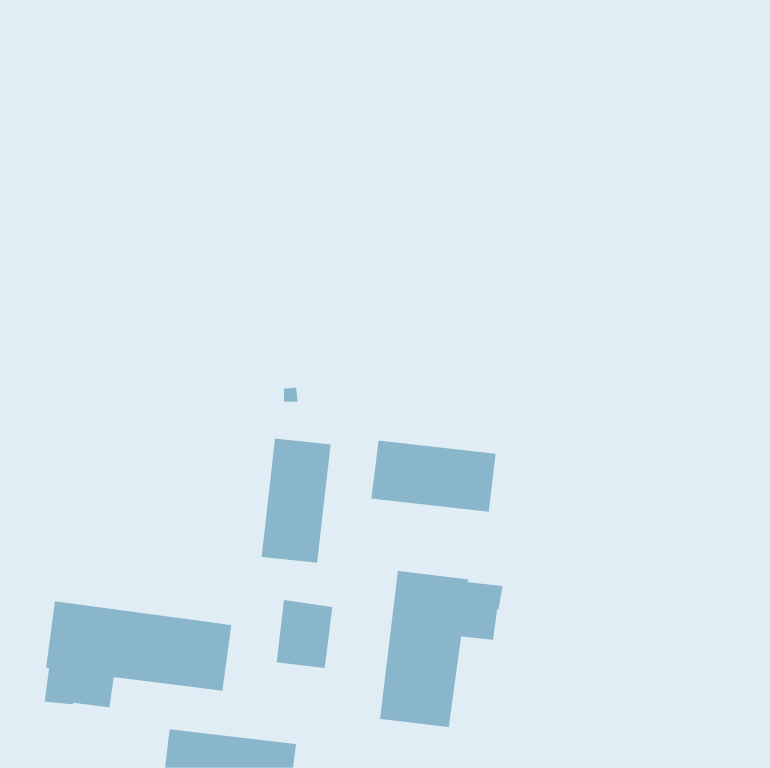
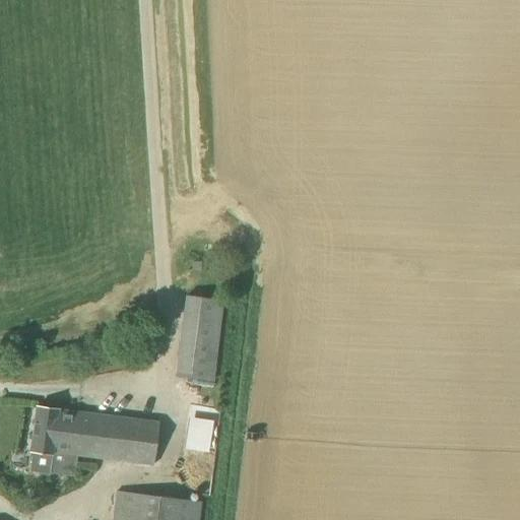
building: [371,440,496,513] -> none
building: [379,570,503,728] -> none

